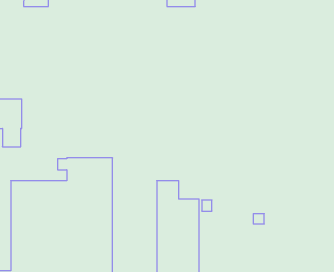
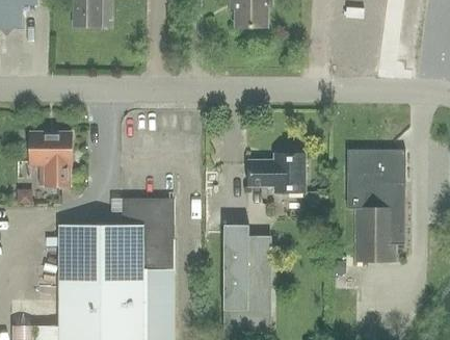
building: none -> [346,151,405,262]
building: none -> [248,154,305,191]

